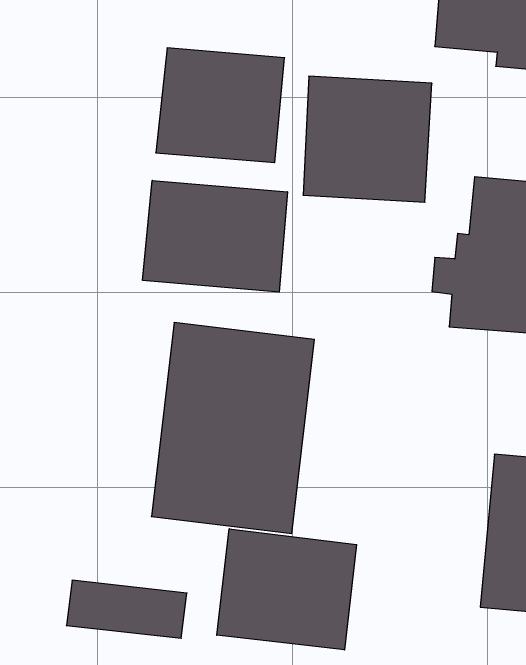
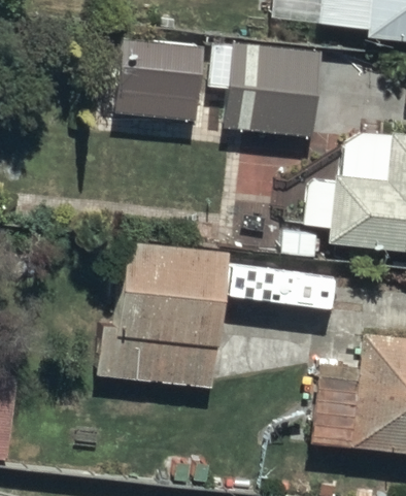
building: [143,180,287,292] -> none
building: [217,529,357,650] -> none

